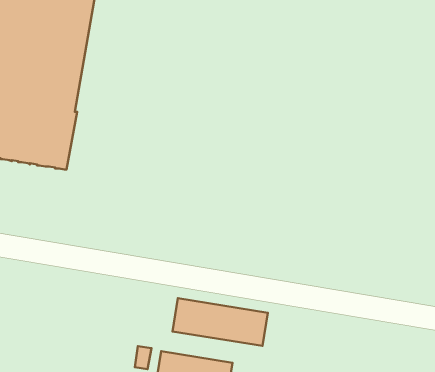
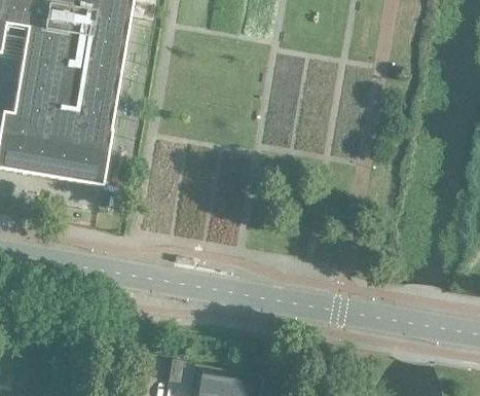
building: [172,298,268,346] -> none

